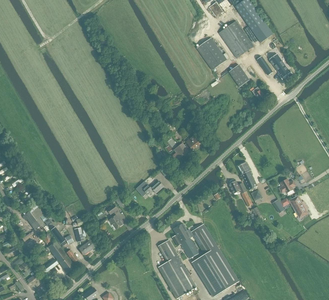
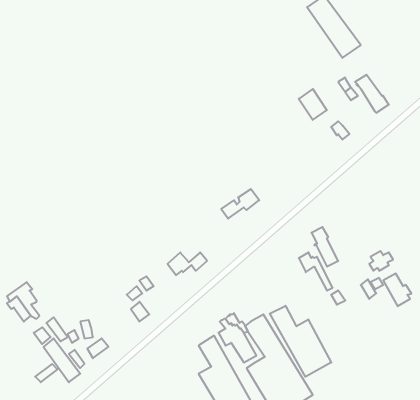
building: [218,20,253,57] -> none
building: [197,38,225,69] -> none
building: none -> [270,306,331,377]

